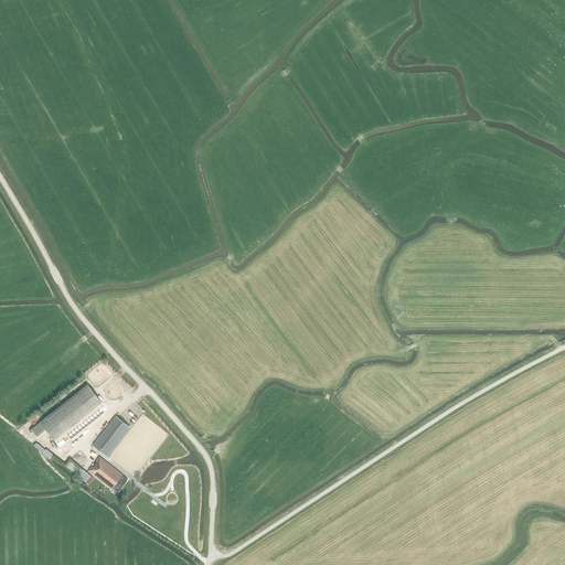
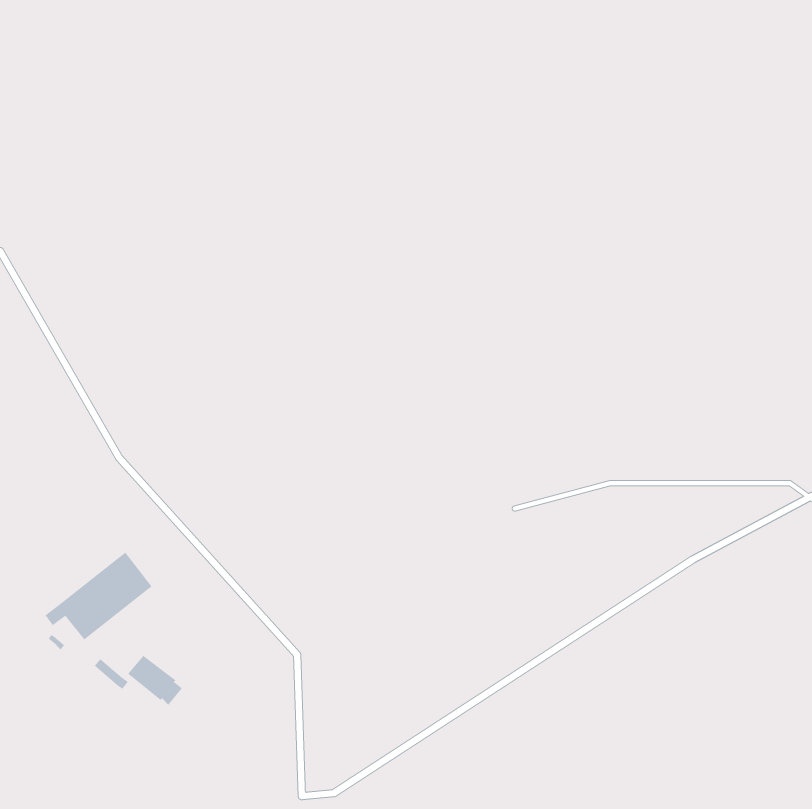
building: [93,415,129,454] -> none

